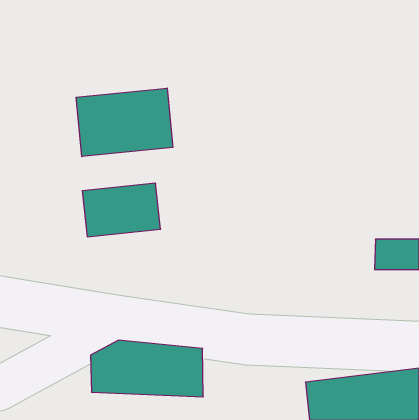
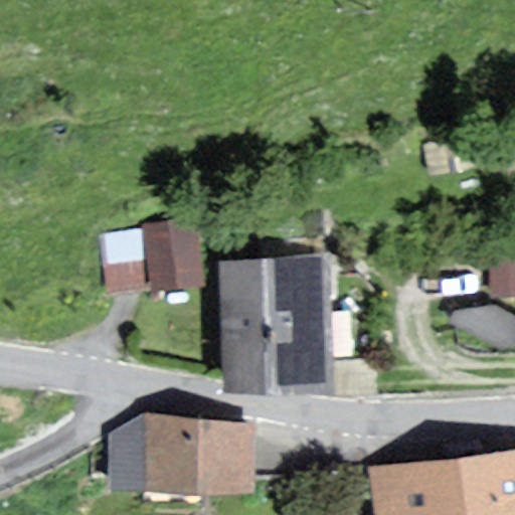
building: [76,88,173,157] -> none
building: none -> [222,261,324,385]

